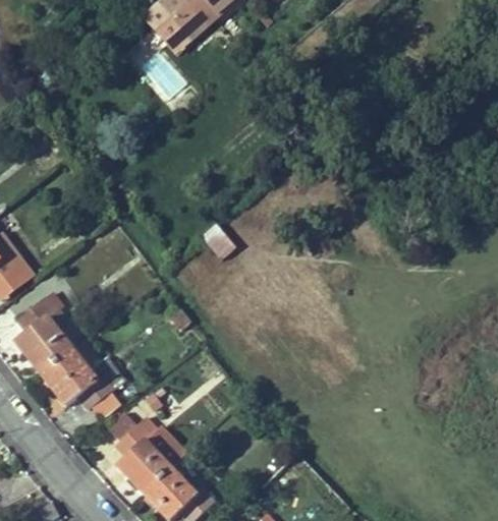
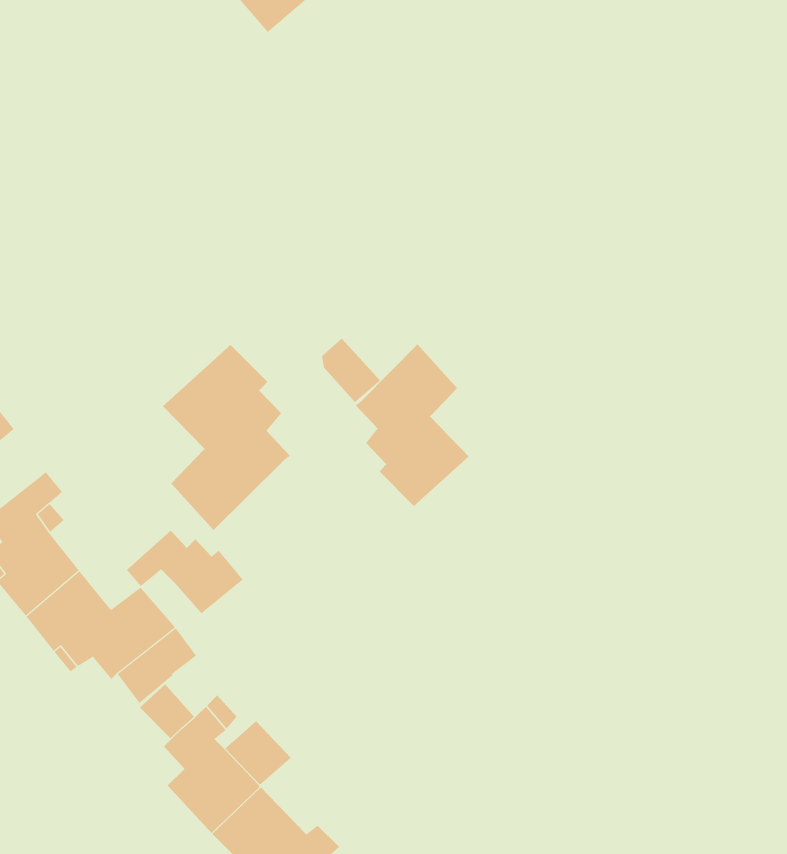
building: none -> [355,344,469,507]
building: none -> [162,344,291,531]
building: none -> [126,530,244,614]

